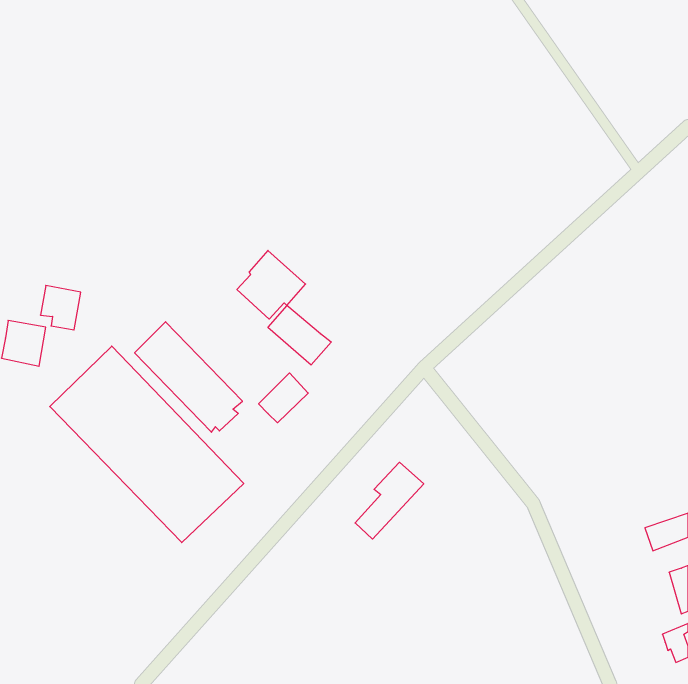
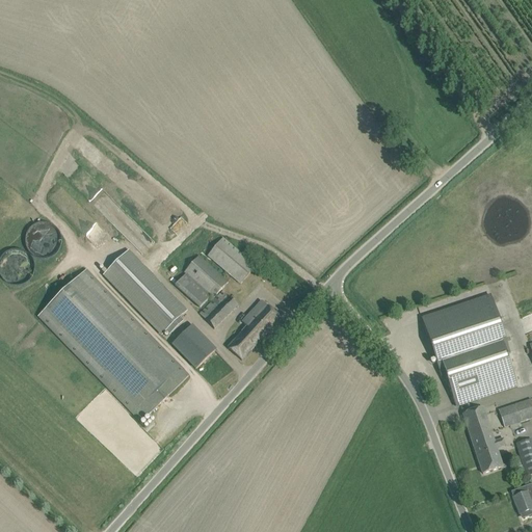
building: [237,250,306,319] -> [175,254,228,307]
building: none -> [422,294,516,403]
building: none -> [171,322,215,367]
building: [355,462,424,539] -> [228,299,281,358]
building: none -> [463,405,502,472]

